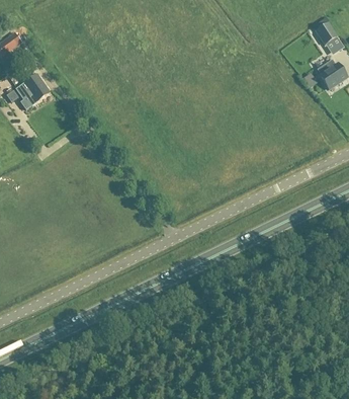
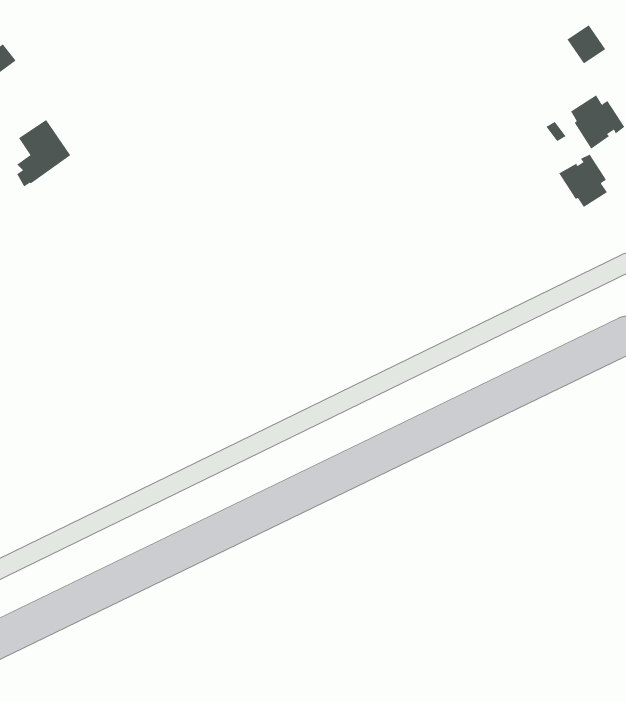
building: none -> [558,154,608,208]

